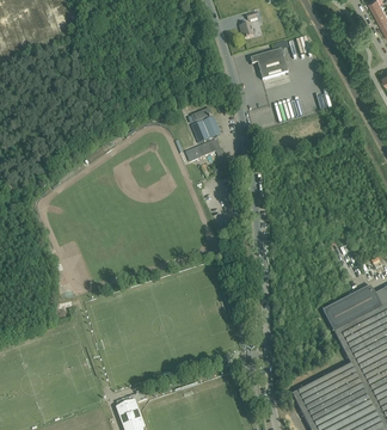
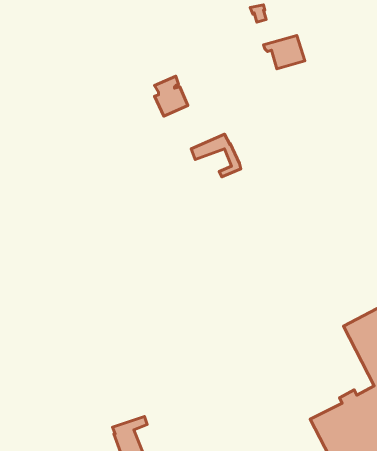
building: [191,108,221,143] -> [154,76,188,116]

